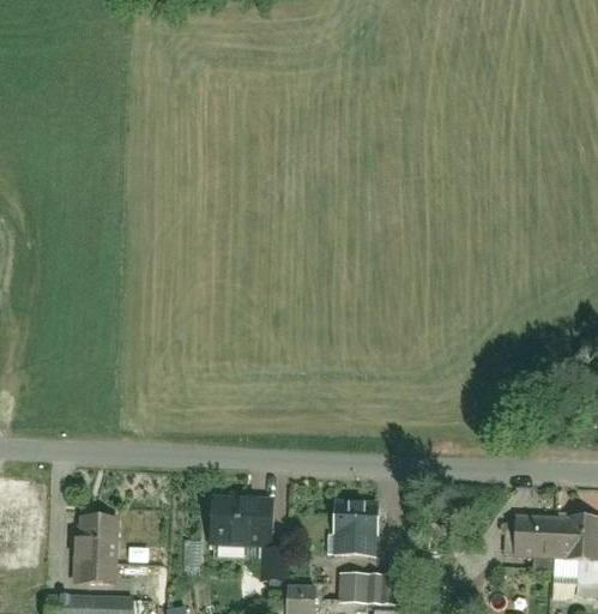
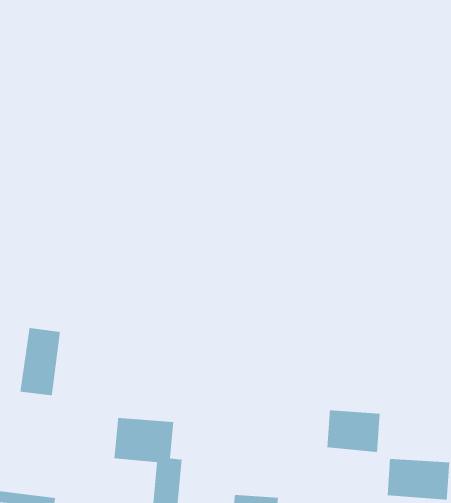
building: [330,500,388,544] -> [327,409,380,453]
building: [84,510,123,584] -> [20,327,61,396]

